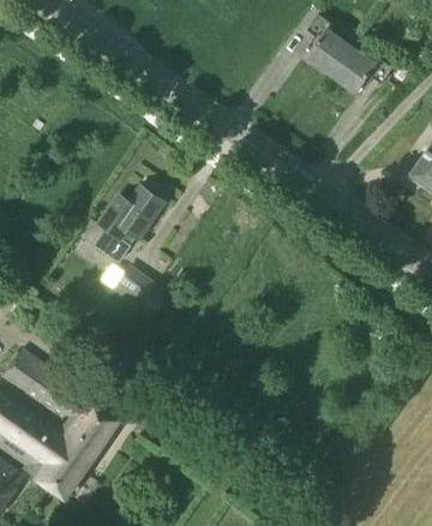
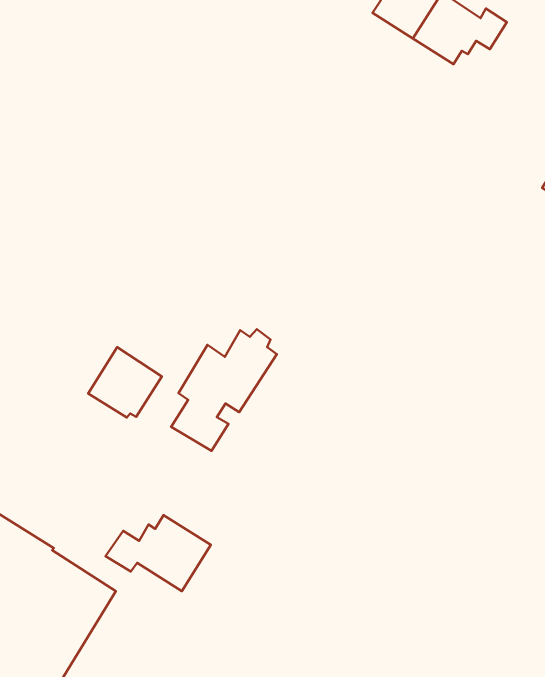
building: [95,185,166,262] -> [171,329,277,451]
building: none -> [106,515,211,591]

